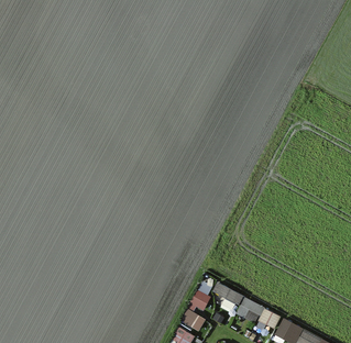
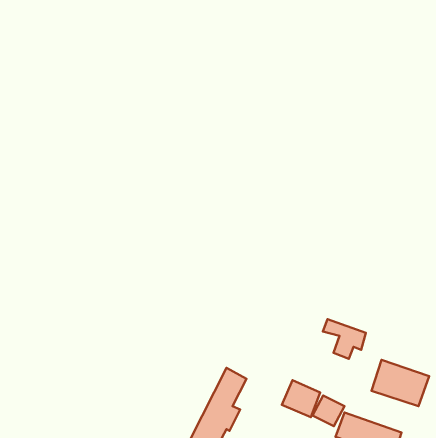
building: none -> [371,360,429,406]
building: [212,284,243,312] -> [323,319,366,359]

